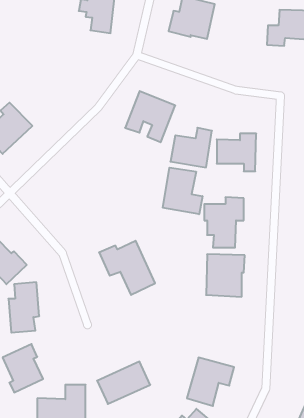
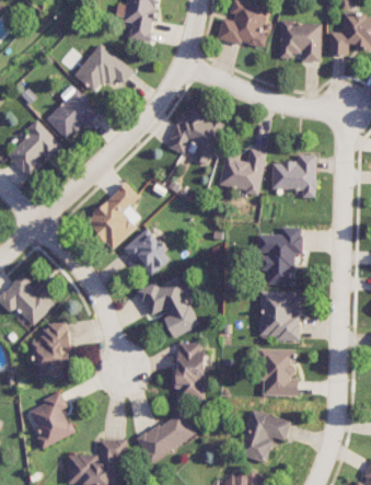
building: none -> [278,22,320,61]
building: none -> [72,43,132,93]
building: none -> [45,88,97,140]
building: none -> [84,182,141,249]
building: [163,168,202,214] -> none
building: none -> [124,228,171,277]
building: none -> [175,343,204,396]
building: none -> [259,348,298,395]

